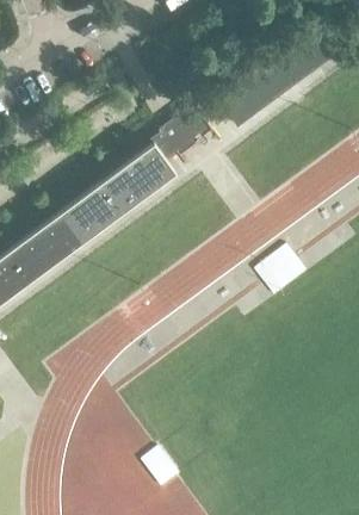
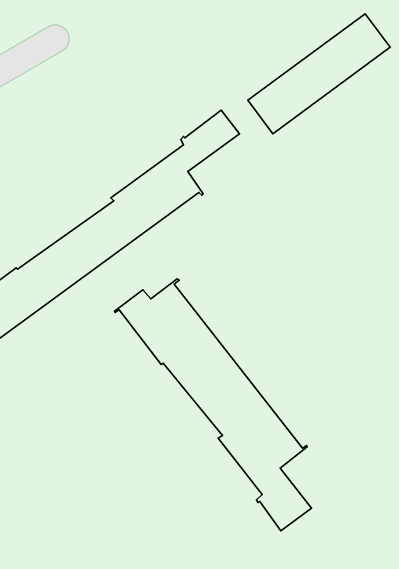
building: none -> [114,279,311,531]

